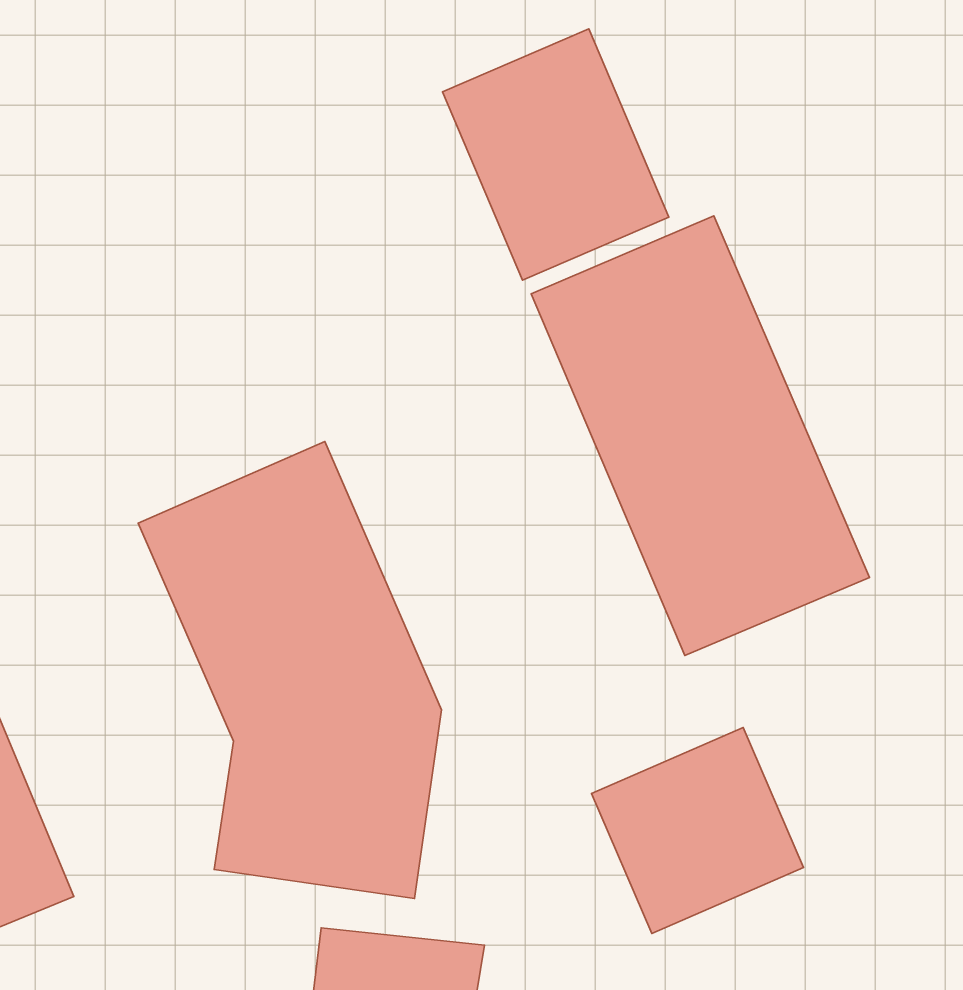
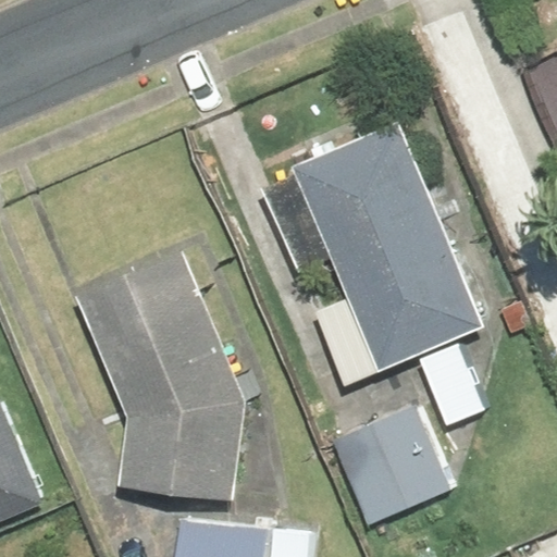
building: [442,29,669,280] -> none

